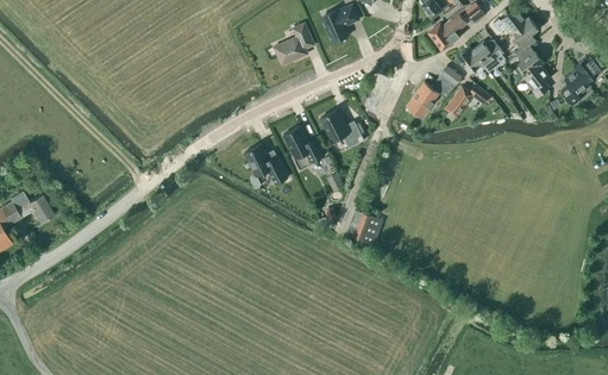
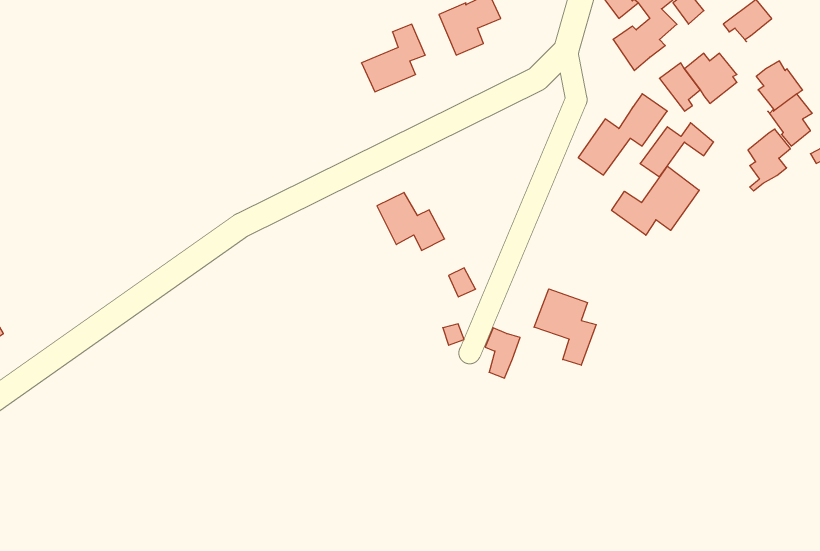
building: [513,17,539,55] -> [748,129,790,191]
building: [320,108,364,148] -> none
building: none -> [612,166,699,235]
building: [244,144,288,183] -> none
building: none -> [534,289,596,365]

